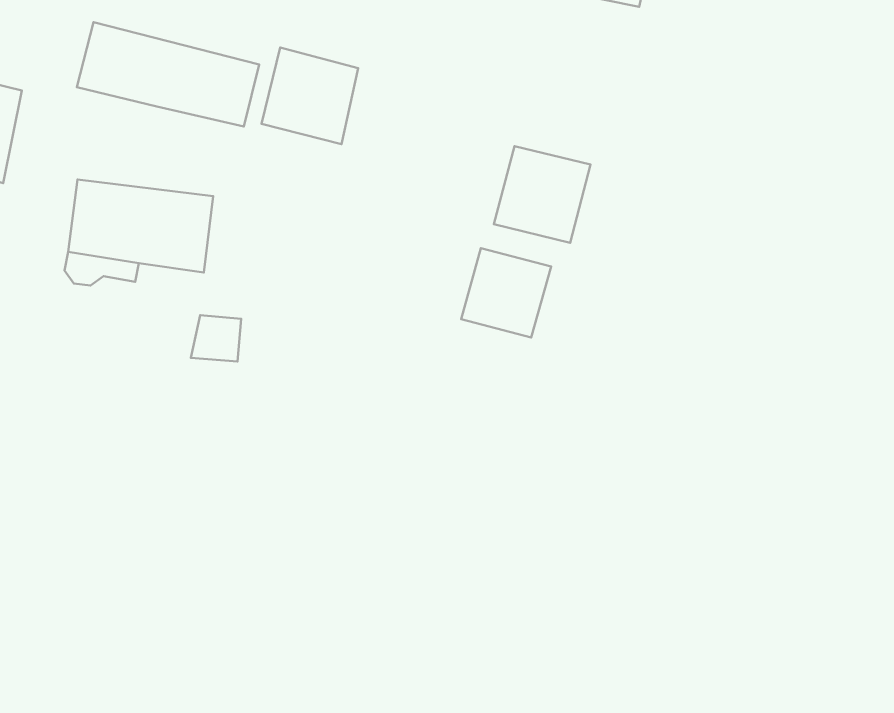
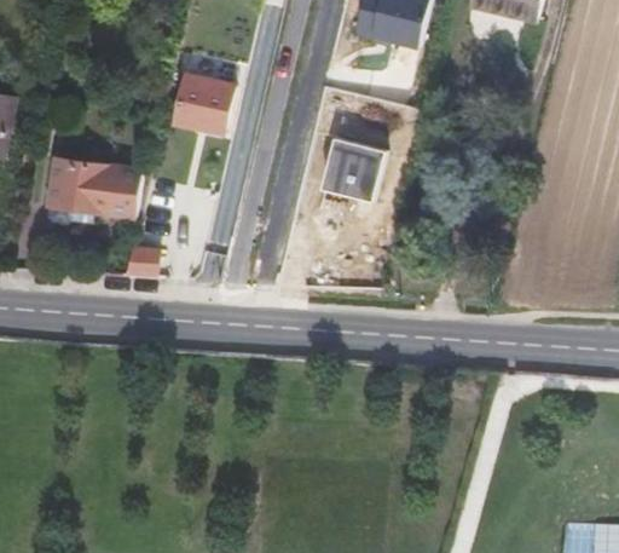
building: [77,22,259,127] -> none
building: [461,248,551,337] -> none

